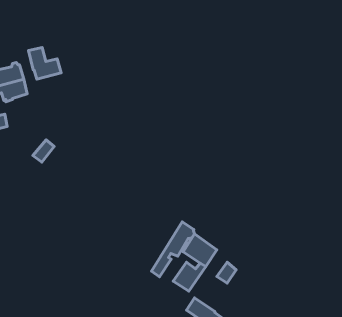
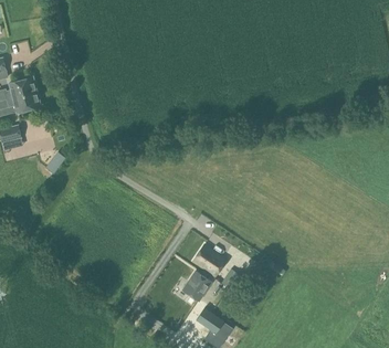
building: [28,47,61,79] -> none
building: [152,222,194,277] -> none

